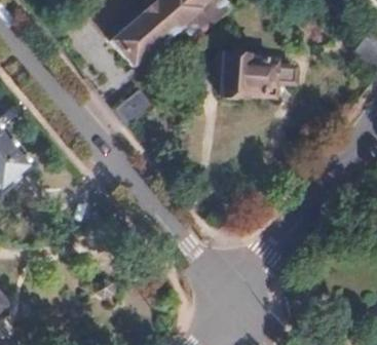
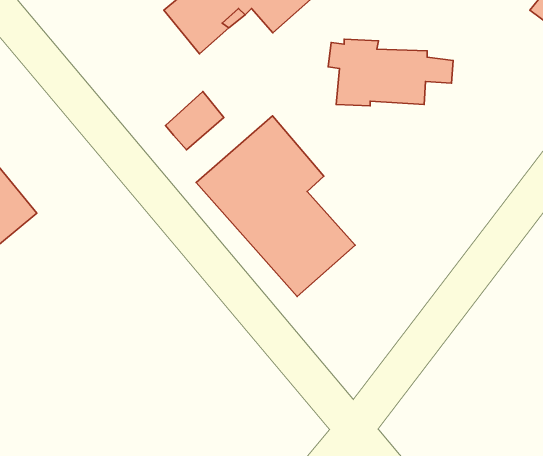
building: none -> [196,116,355,297]

